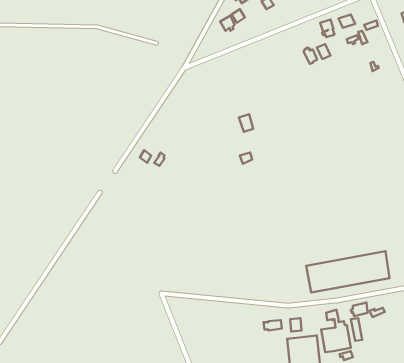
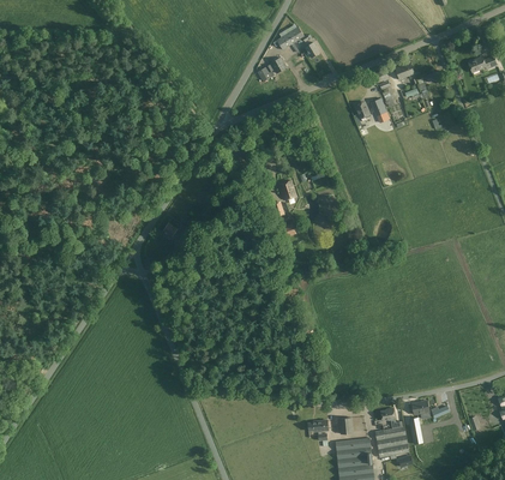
building: [306,251,389,292] -> none

